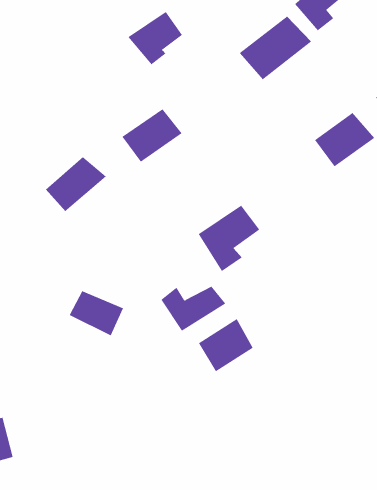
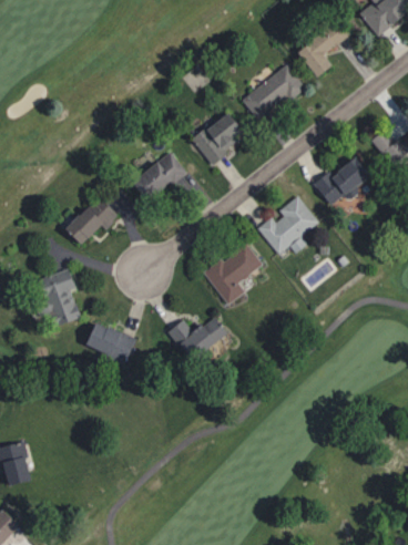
building: [128,11,183,65] -> [191,113,243,164]
building: none -> [257,194,320,256]
building: none -> [38,268,82,328]
building: [198,318,254,372] -> none

